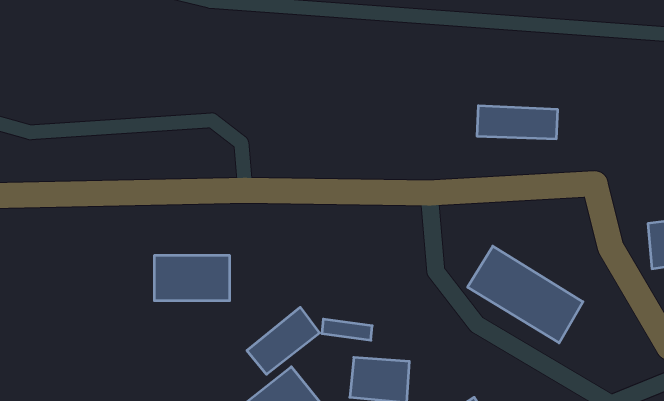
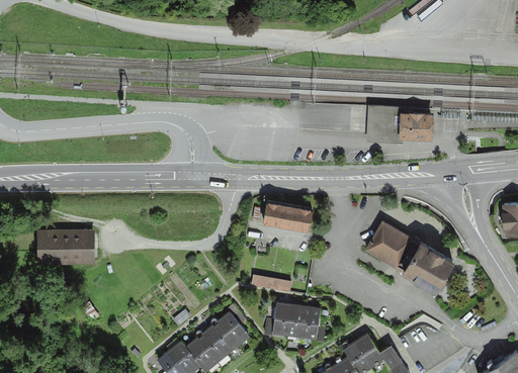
building: none -> [261,201,312,232]
building: [154,256,230,301] -> [36,229,94,264]
building: [247,307,319,374] -> none

